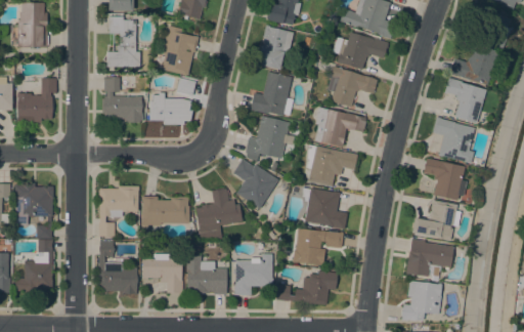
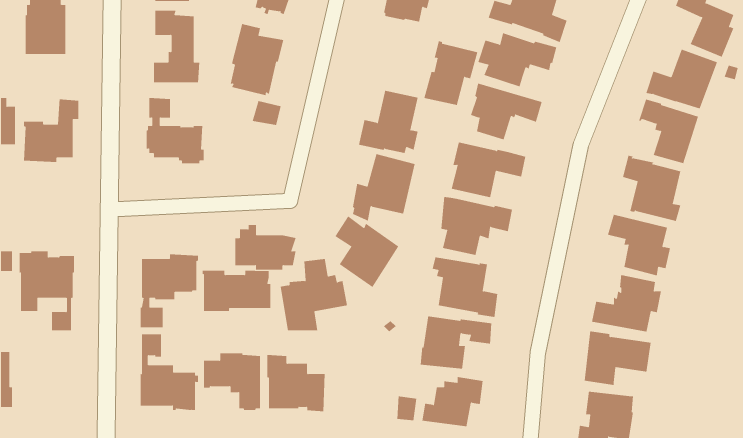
building: [256,25,294,70] -> [424,41,478,105]
building: [149,92,192,124] -> [235,224,297,270]
building: [14,240,52,291] -> none
building: [233,254,273,295] -> none

